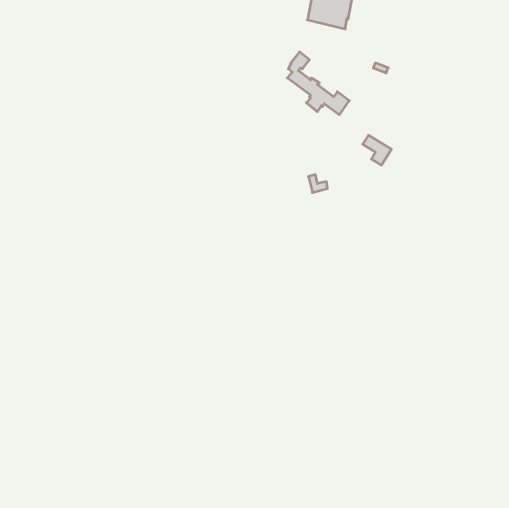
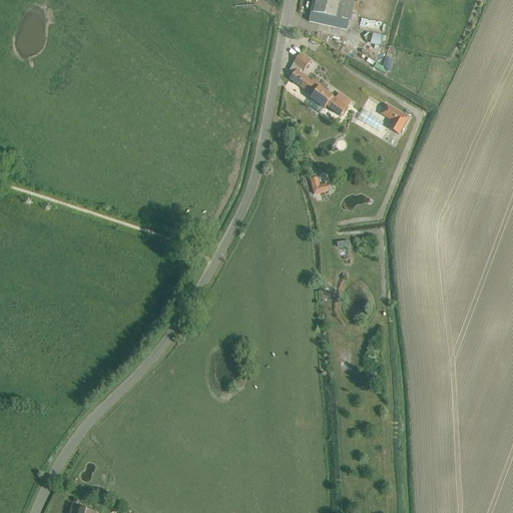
building: [363,135,391,165] -> [380,103,409,133]

